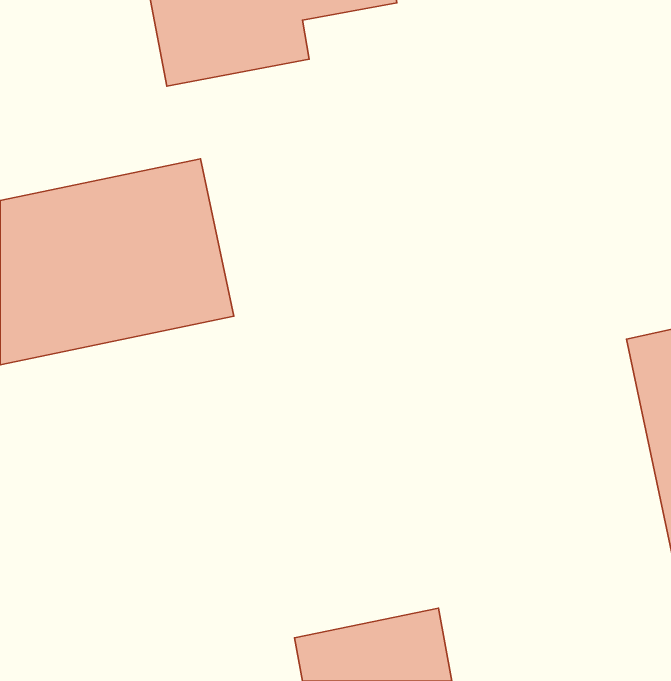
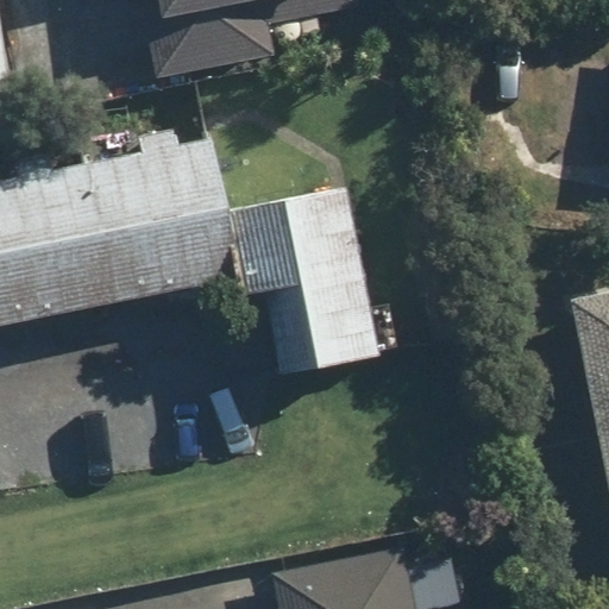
building: none -> [227,193,377,376]

